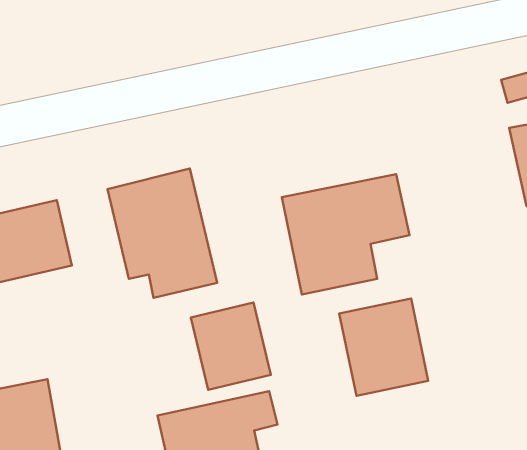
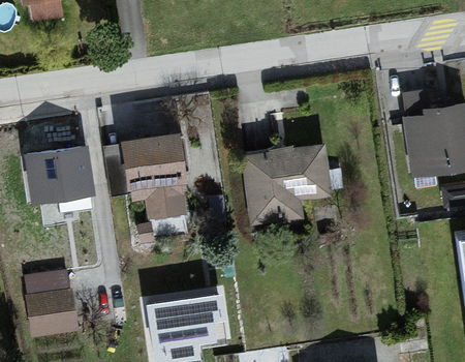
building: [339,299,428,396] -> none
building: [191,303,271,390] -> none

